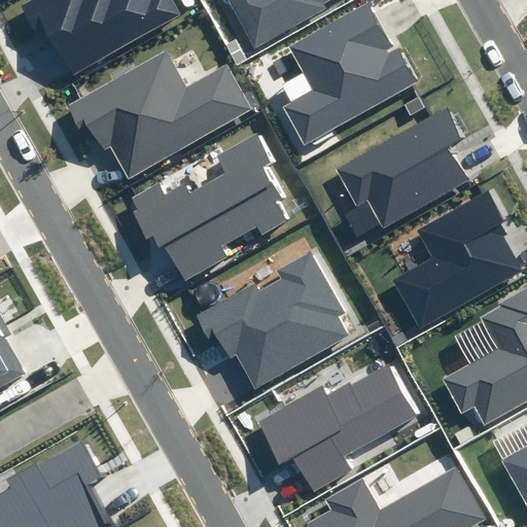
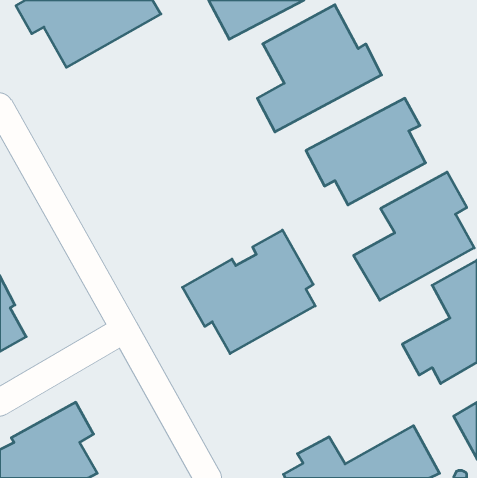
building: [64,47,249,178] -> none
building: [134,131,287,279] -> none
building: [260,361,420,494] -> none

